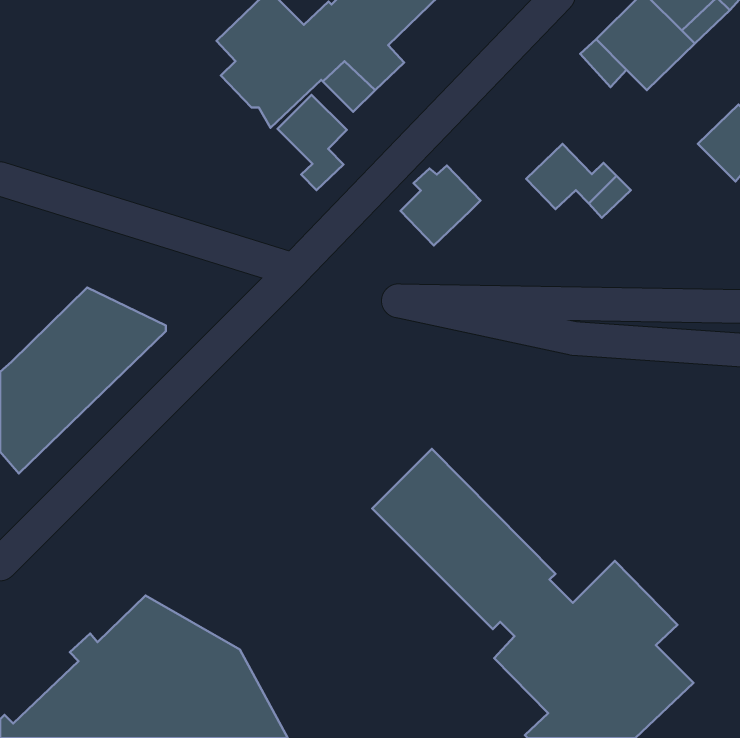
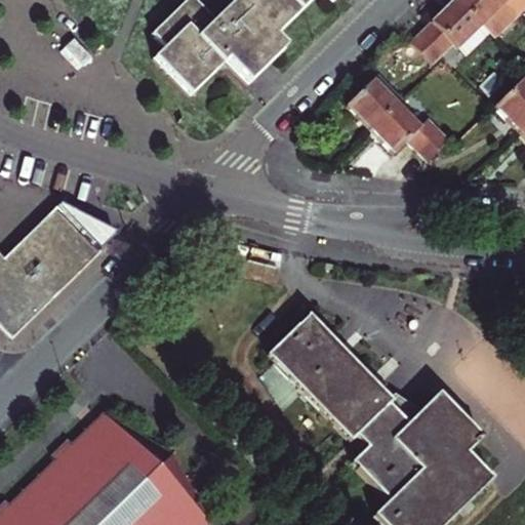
building: [277,95,347,190] -> none
building: [400,166,480,246] -> [350,70,406,126]

